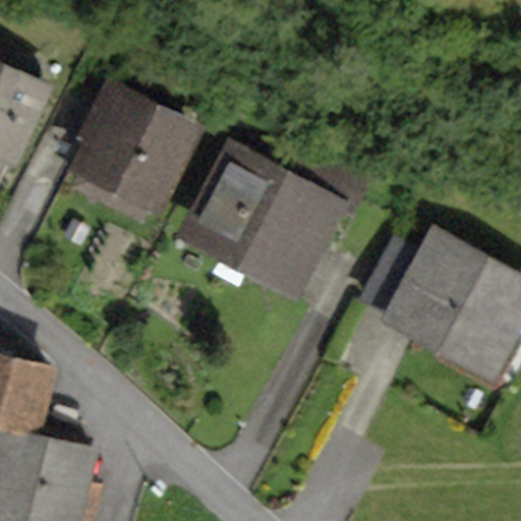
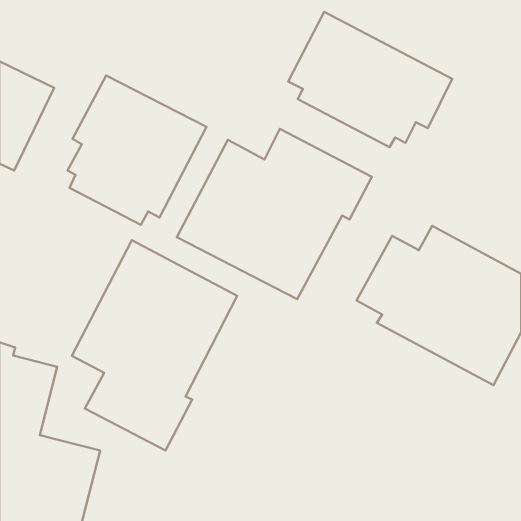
building: none -> [288,12,452,147]
building: none -> [72,240,237,451]

